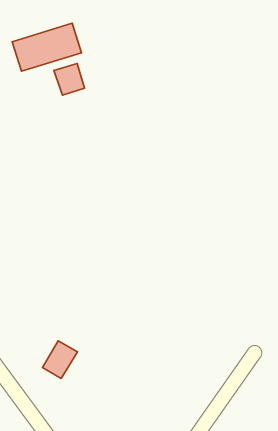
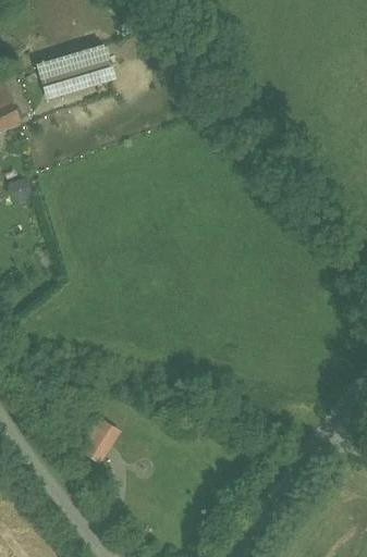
building: [54,63,85,95] -> none

